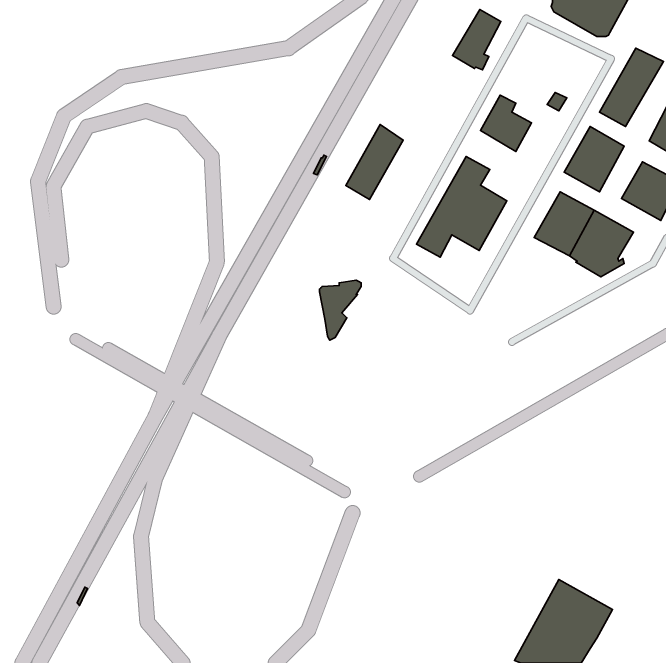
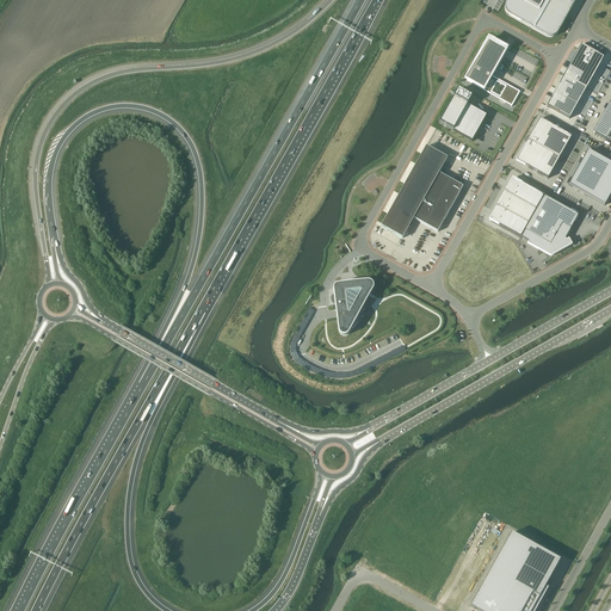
building: [452,10,501,70] -> [464,33,508,88]
building: [346,125,403,199] -> none
building: [320,280,361,340] -> [335,278,374,333]

